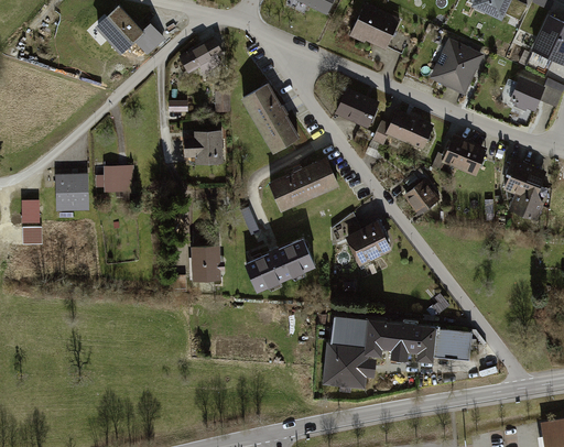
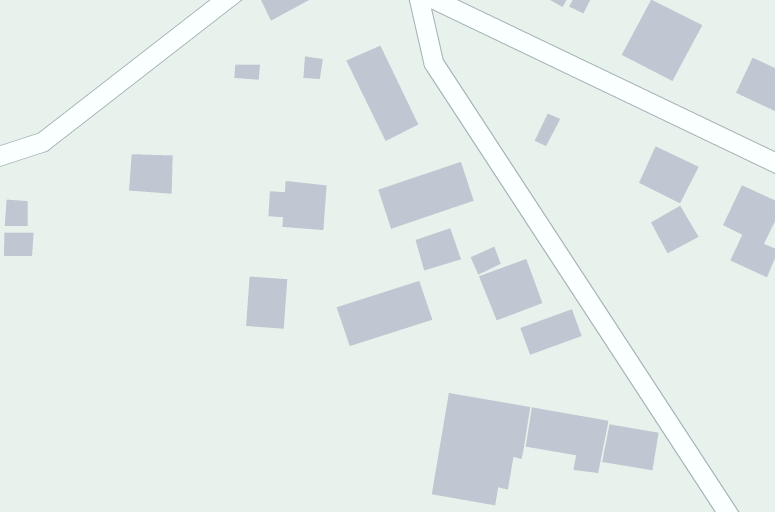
building: [337,90,376,124] -> none
building: [389,111,433,149] -> none
building: [183,132,221,164] -> [267,180,327,231]
building: [55,177,88,211] -> none
building: [404,177,438,211] -> [650,205,700,255]
building: none -> [414,227,462,272]
building: none -> [519,308,583,356]

